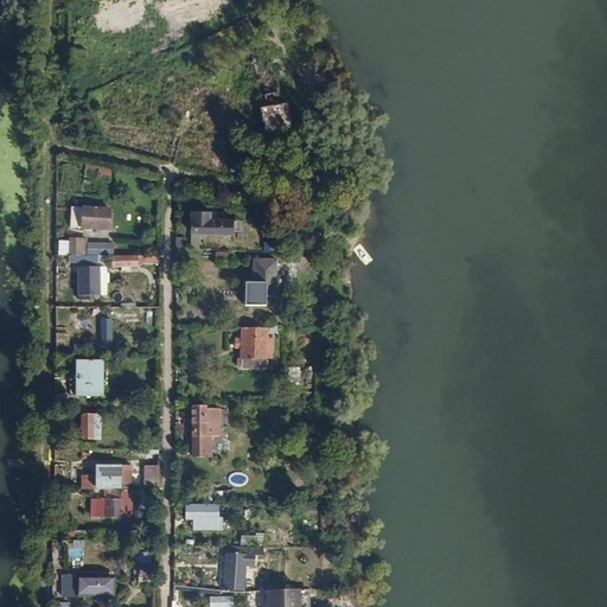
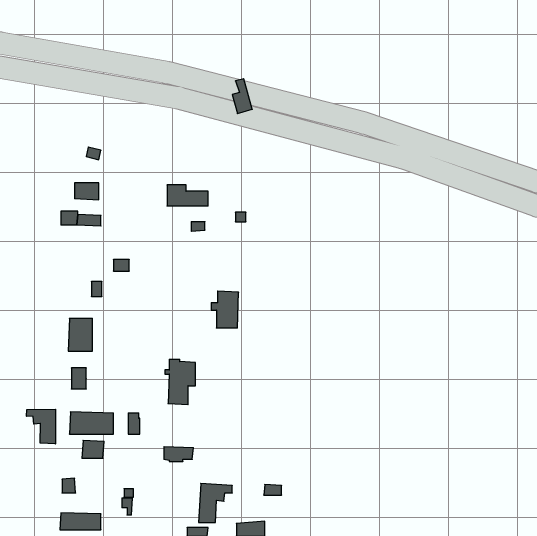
building: [242,255,276,309] -> none
building: [82,268,101,296] -> none
building: none -> [27,409,55,444]

